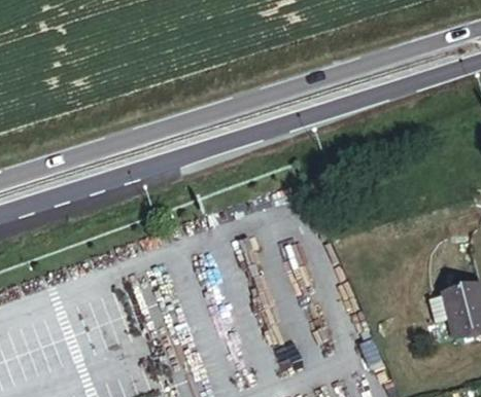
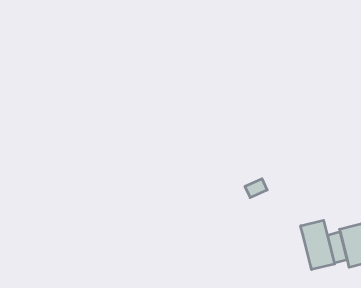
building: none -> [301,220,335,270]

